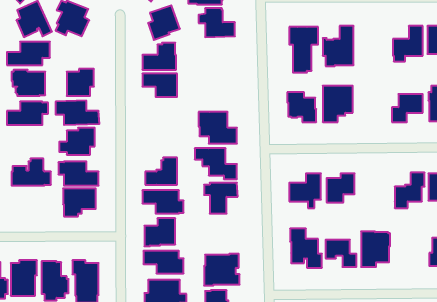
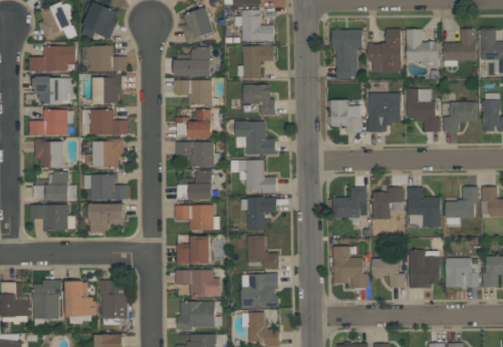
building: none -> [407,29,438,68]
building: none -> [238,45,274,79]
building: none -> [89,46,128,71]
building: none -> [244,85,275,115]
building: none -> [407,89,440,132]
building: none -> [176,110,212,138]
building: none -> [34,139,64,168]
building: none -> [176,142,220,167]
building: none -> [408,188,441,227]
building: none -> [30,205,75,230]
building: none -> [247,236,279,269]
building: none -> [445,258,479,288]

